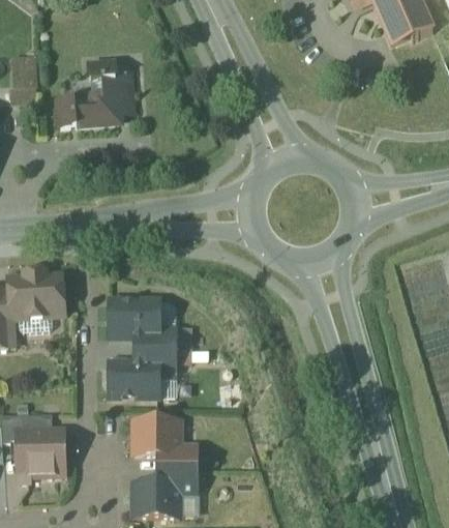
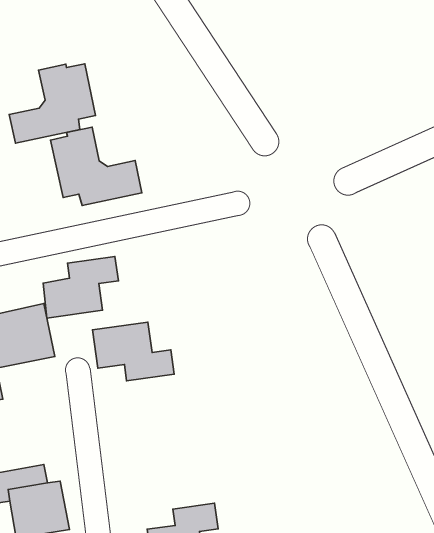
building: none -> [51,127,142,205]
building: [108,349,175,394] -> [43,257,118,318]
building: [132,419,194,467] -> none

